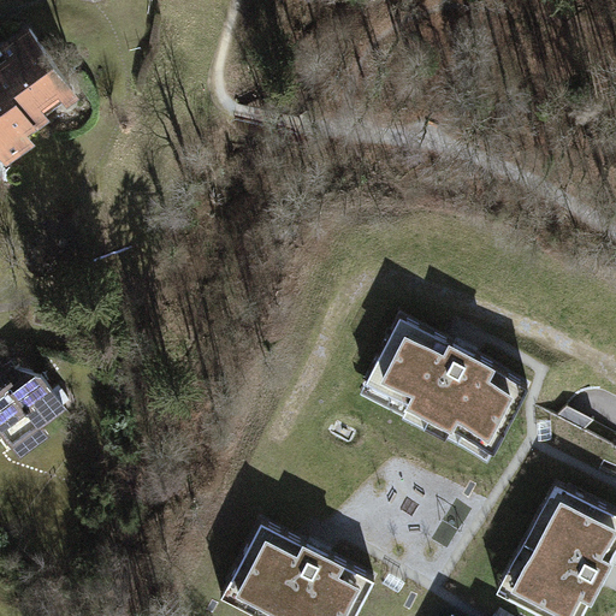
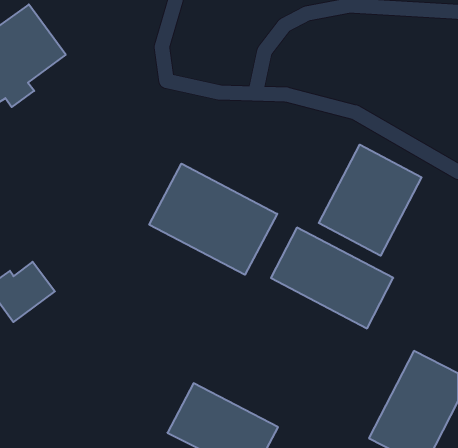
building: none -> [319,145,422,256]
building: none -> [149,164,277,275]

